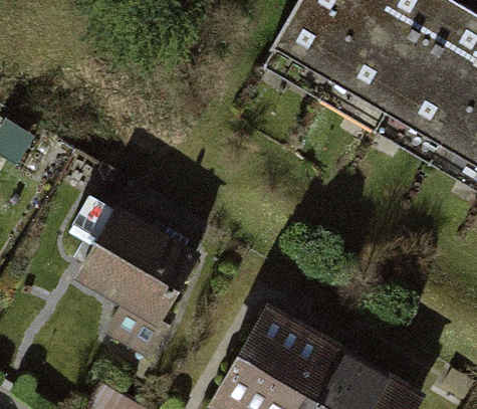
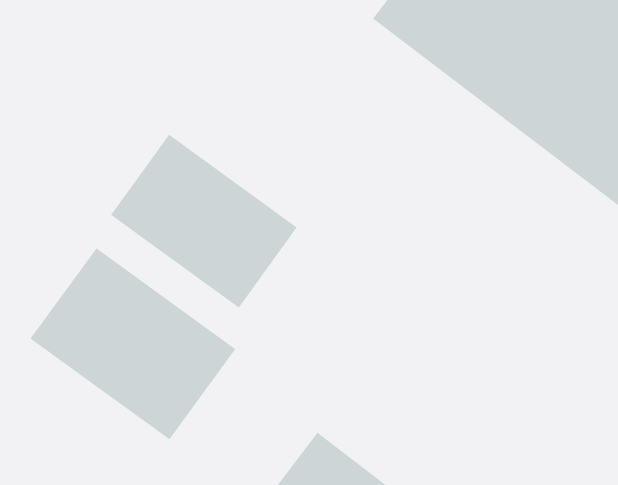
building: none -> [110,134,298,308]

